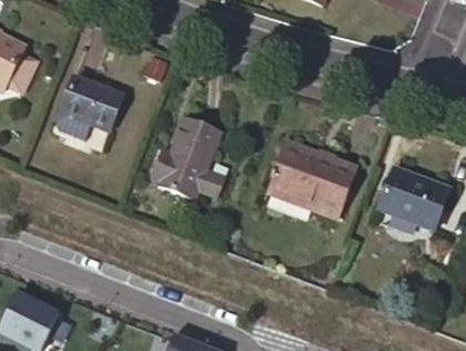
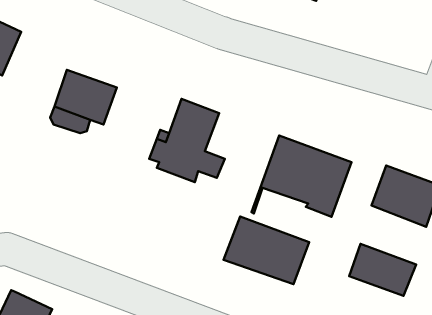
building: none -> [223,217,309,284]
building: none -> [349,244,416,296]

